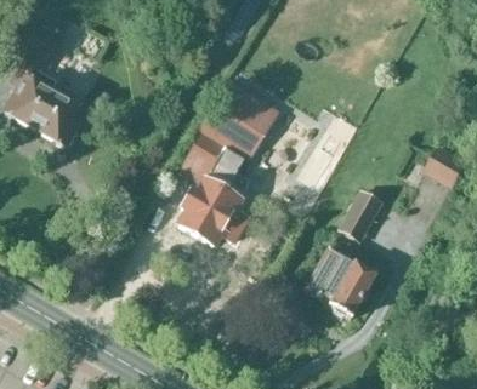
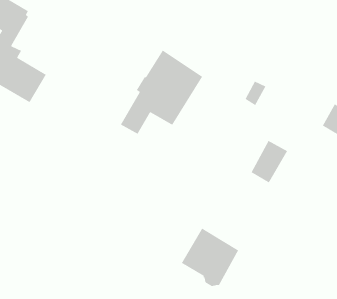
building: [178,175,250,246] -> none
building: [305,245,376,318] -> [181,227,239,287]

